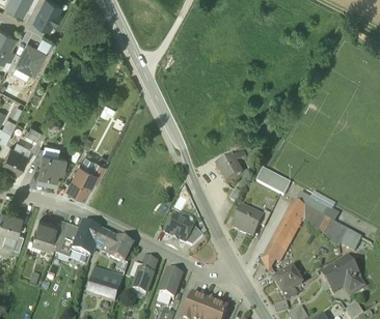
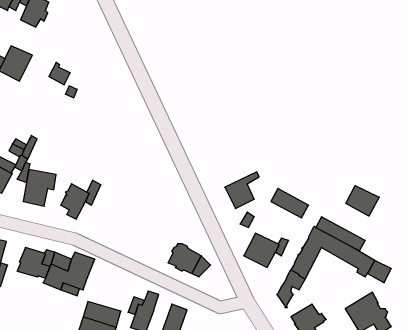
building: none -> [346,186,379,216]
building: [93,229,133,263] -> none

